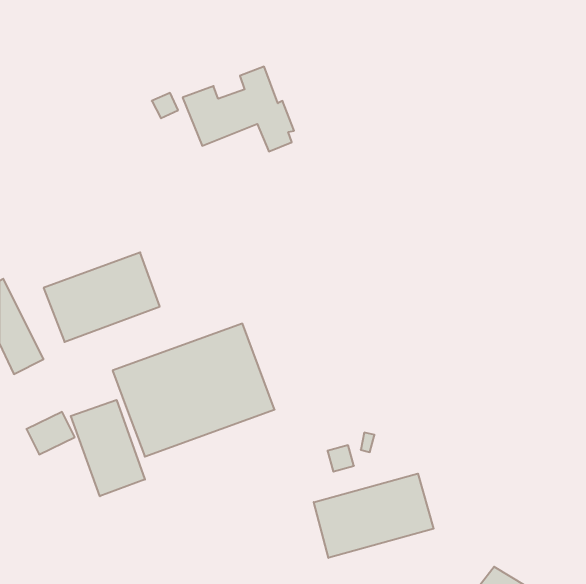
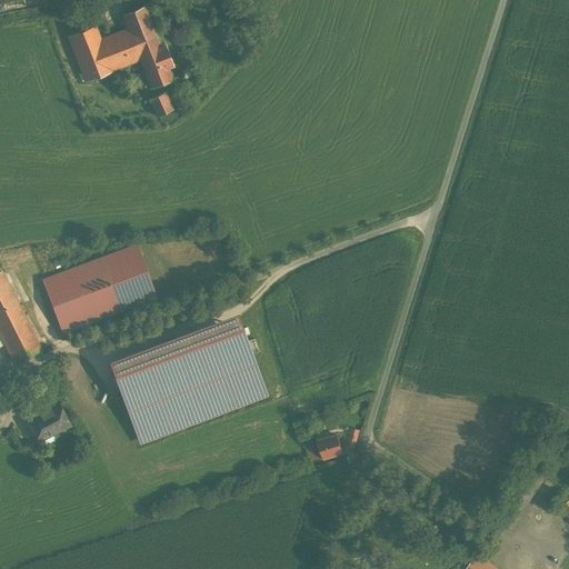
building: [183,67,294,151] -> [67,8,174,90]
building: [71,400,145,496] -> none
building: [314,474,434,558] -> none

